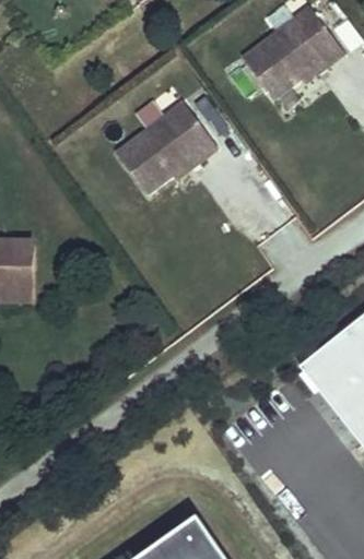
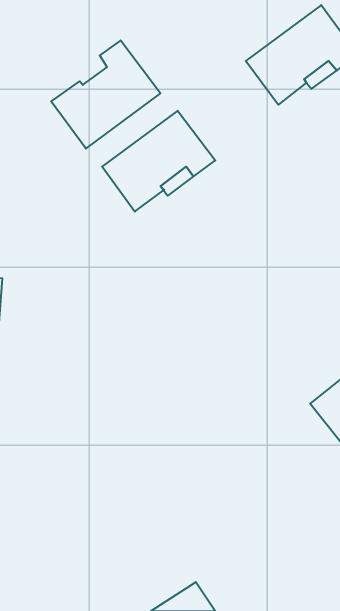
building: none -> [51,40,160,149]

